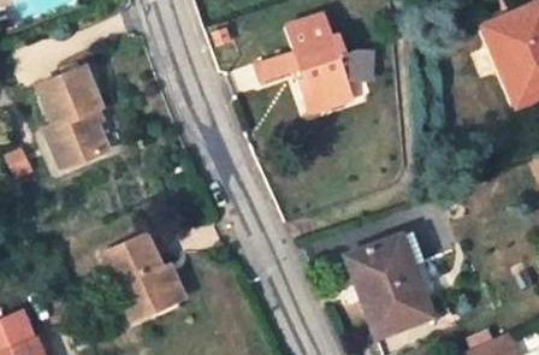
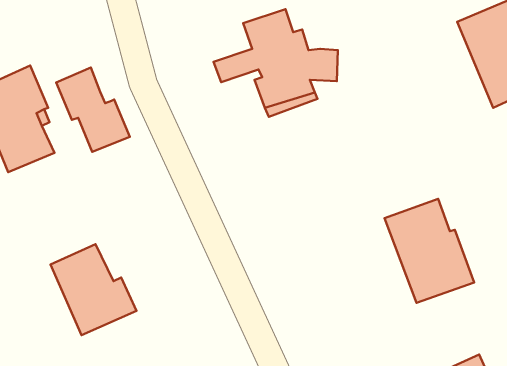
building: none -> [56,67,130,152]
building: [346,236,431,333] -> [384,199,474,303]

